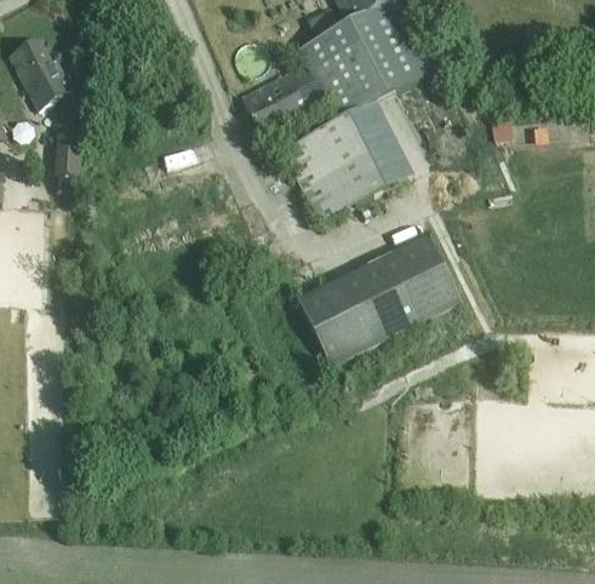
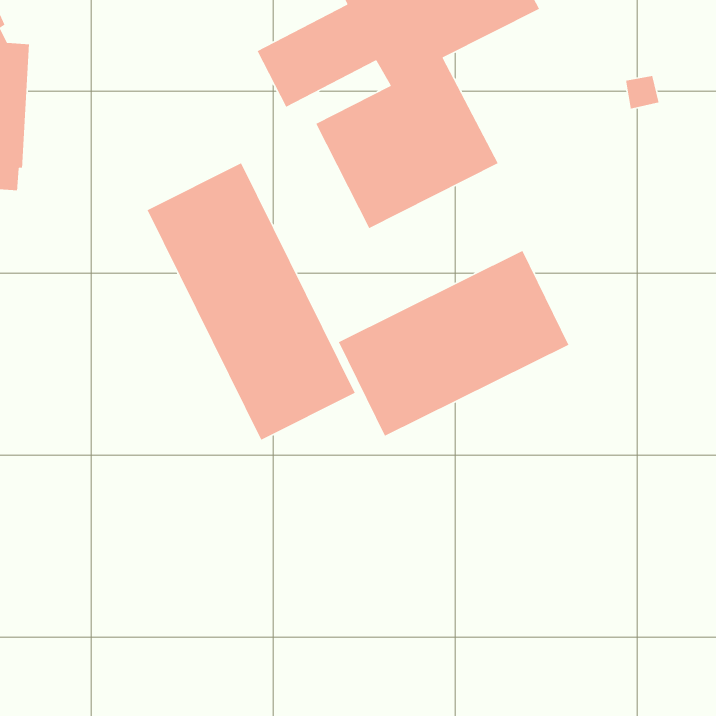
building: none -> [147,162,356,441]

